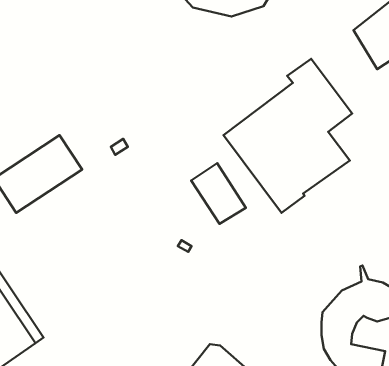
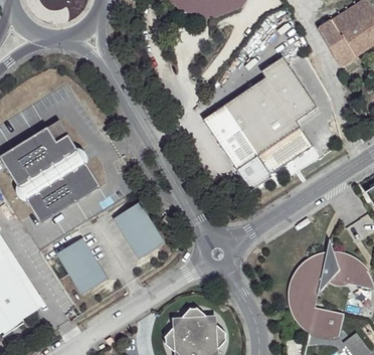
building: [191,163,246,224] -> [117,204,165,257]
building: none -> [27,164,102,227]
building: none -> [59,240,108,295]

